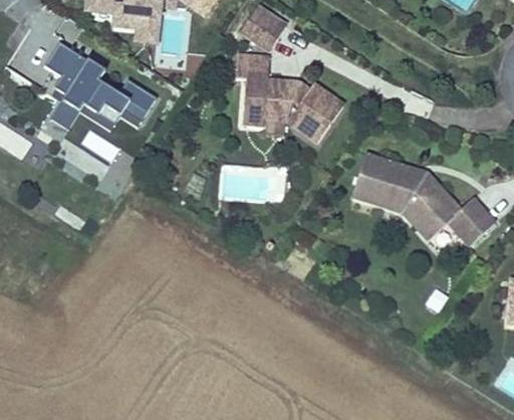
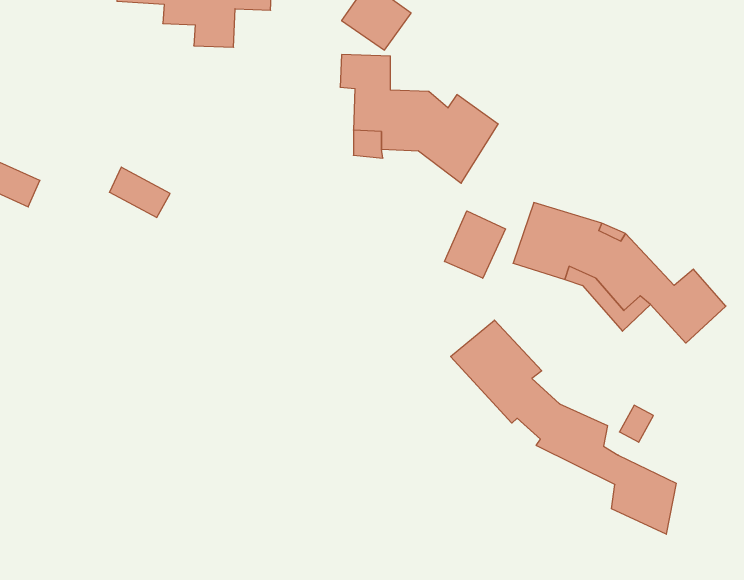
building: [43,42,159,128] -> none
building: none -> [445,211,506,278]
building: none -> [451,320,676,534]

